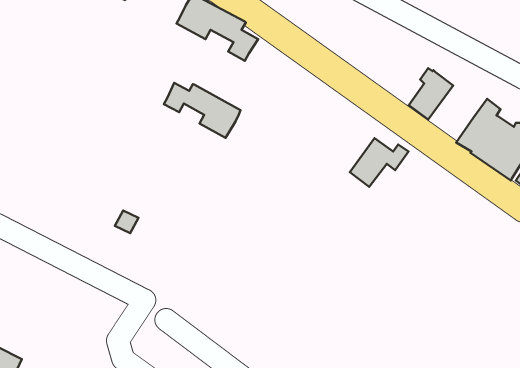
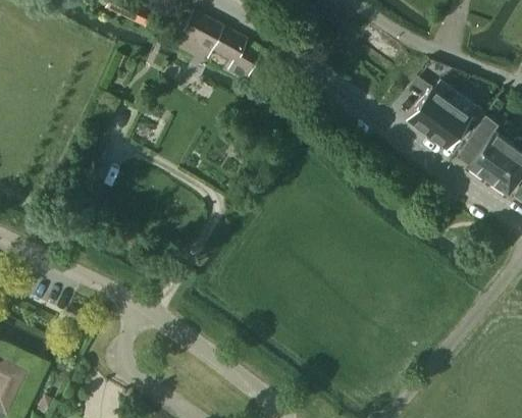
building: [164,83,241,138] -> none
building: [350,138,409,187] -> [427,102,485,150]

